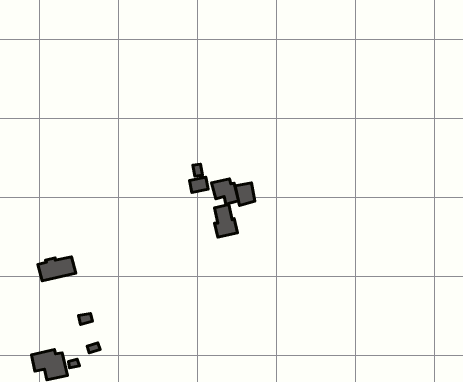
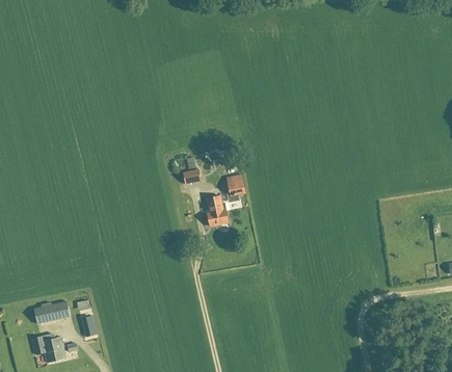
building: [212,179,238,204] -> none
building: [38,257,76,281] -> [33,301,70,324]

